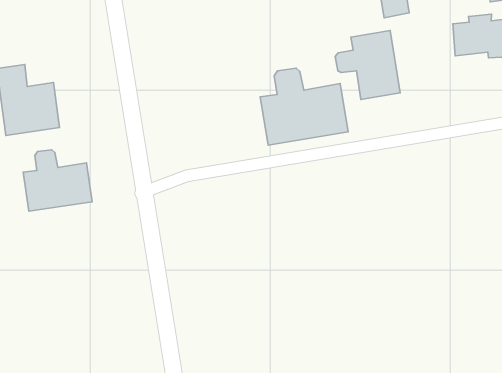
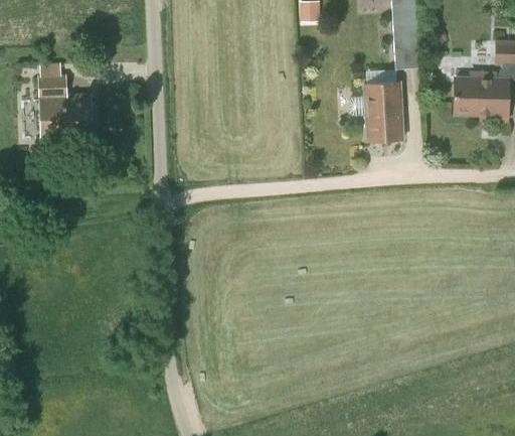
building: [260,68,348,145] -> none
building: [23,150,92,211] -> none

